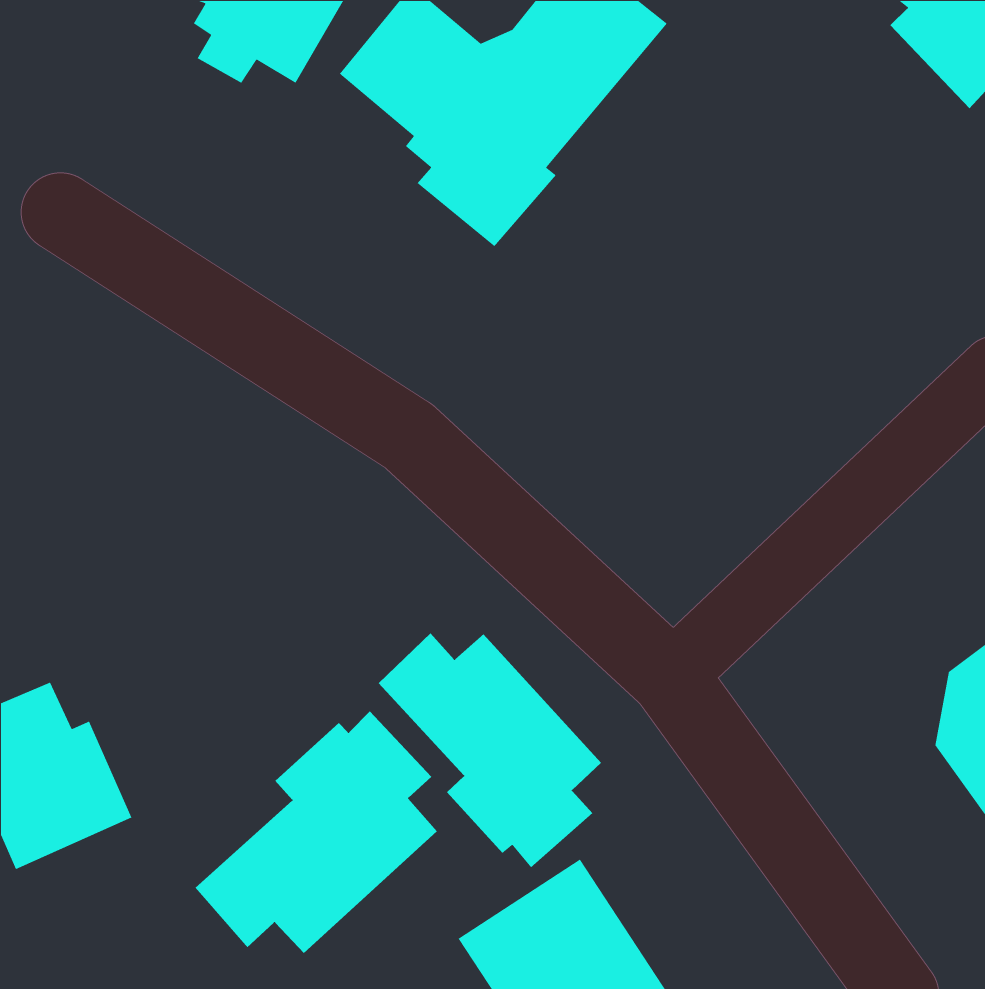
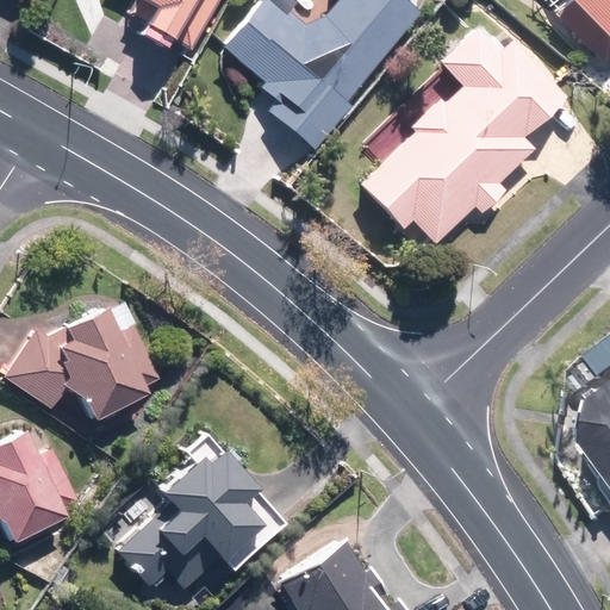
building: none -> [353,32,560,249]
building: none -> [12,298,169,411]
building: [378,633,602,868] -> none

